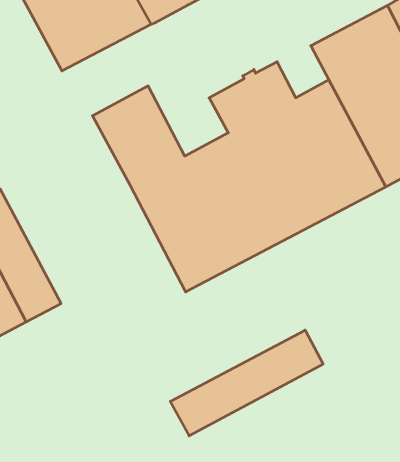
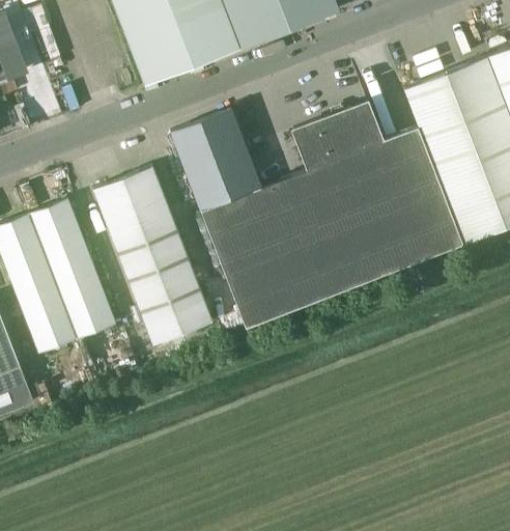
building: none -> [93,167,212,345]
building: [170,330,323,436] -> none

